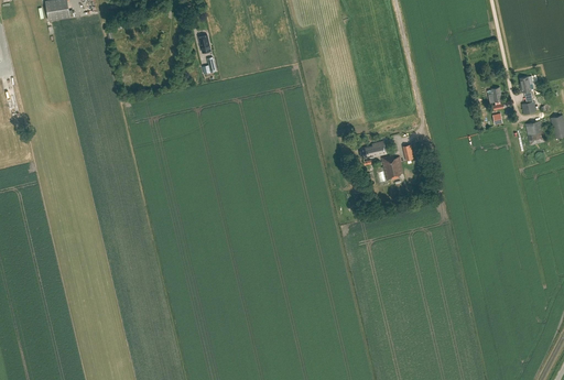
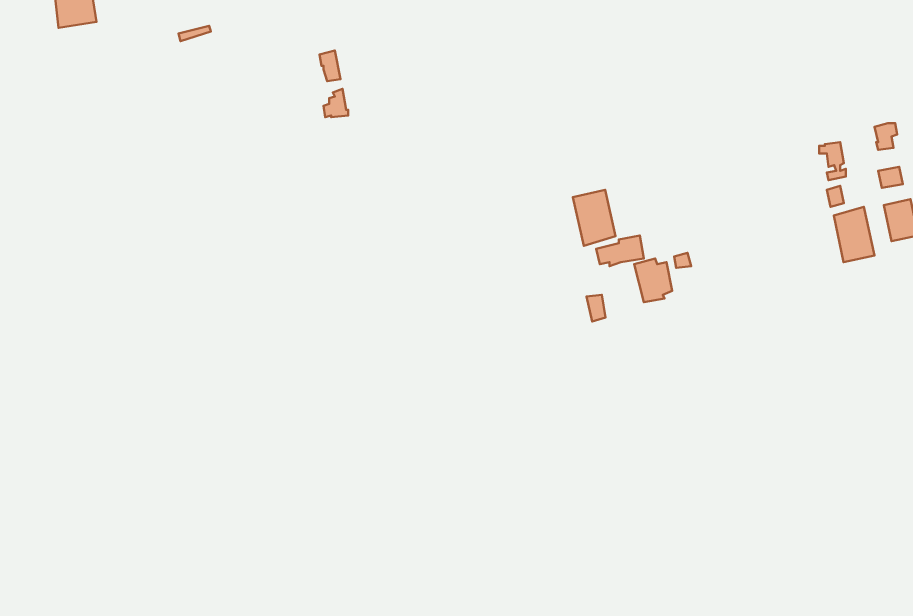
building: none -> [573,190,616,246]
building: none -> [834,207,875,262]

